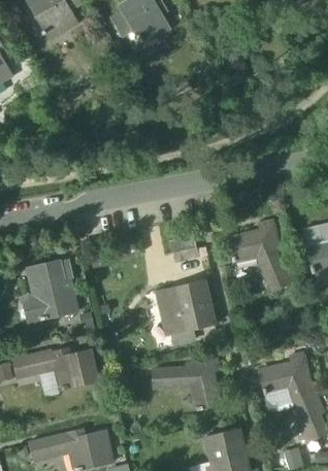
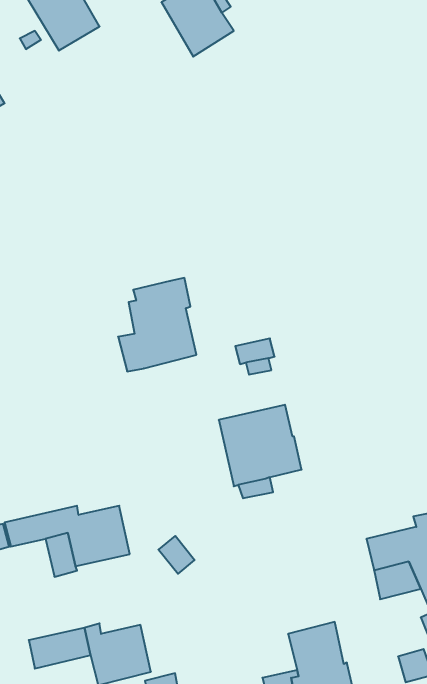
building: [221,220,290,291] -> none
building: [24,258,77,322] -> [118,278,196,371]
building: [152,357,221,409] -> none

